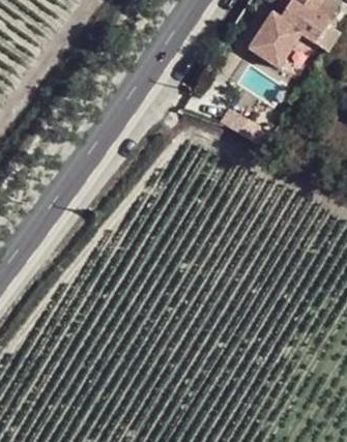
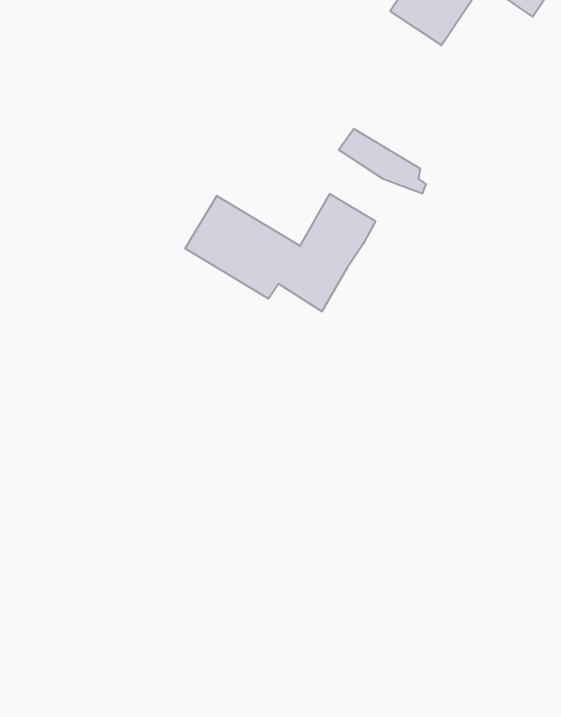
building: none -> [185,194,375,312]

